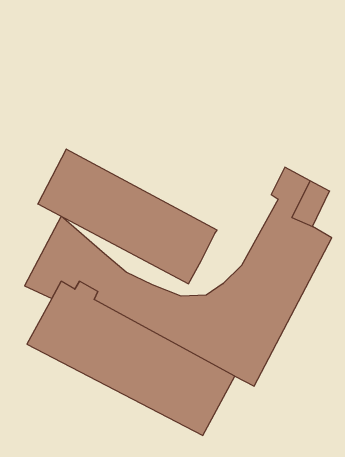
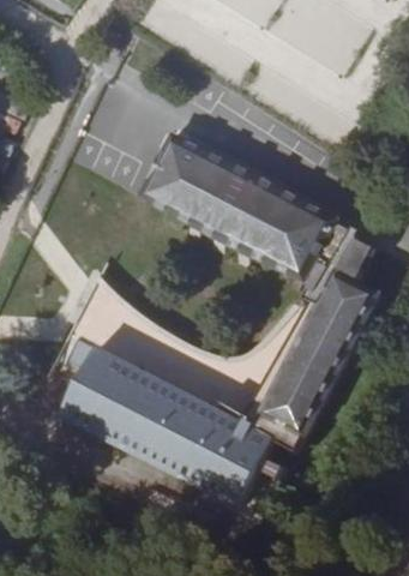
building: [38,149,217,284] -> [137,133,325,275]

